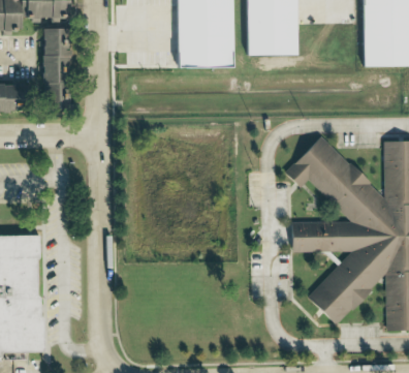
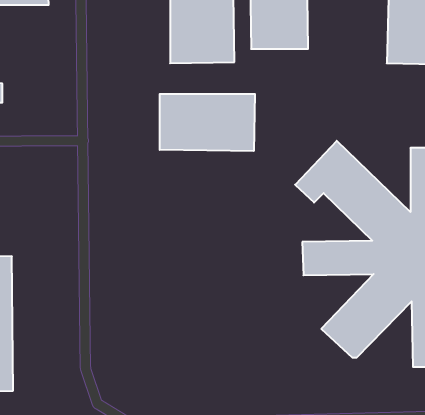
building: [40,27,67,108] -> none
building: none -> [160,94,255,151]

